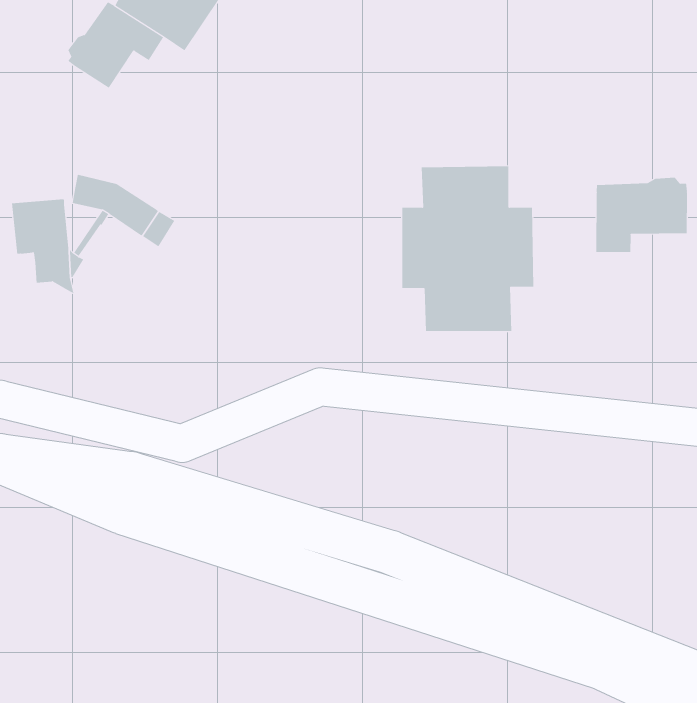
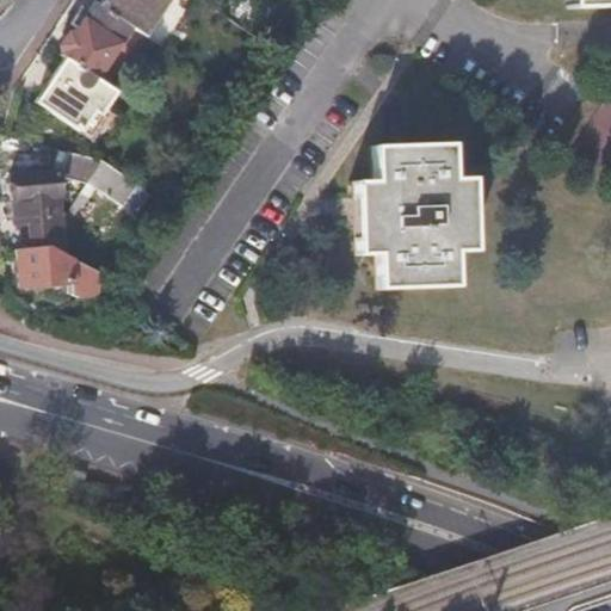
building: none -> [43,57,121,137]
building: [596,177,687,253] -> none
building: none -> [23,243,78,283]

